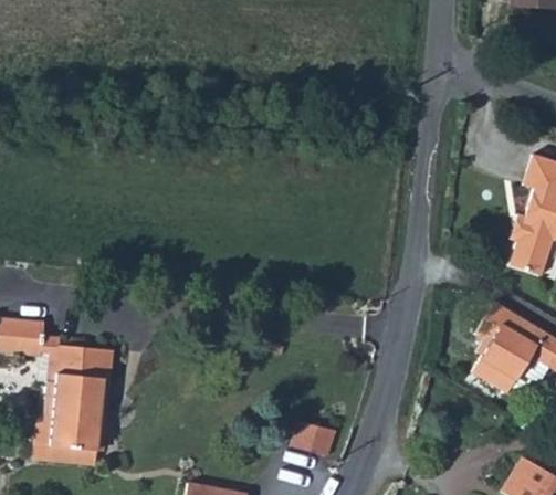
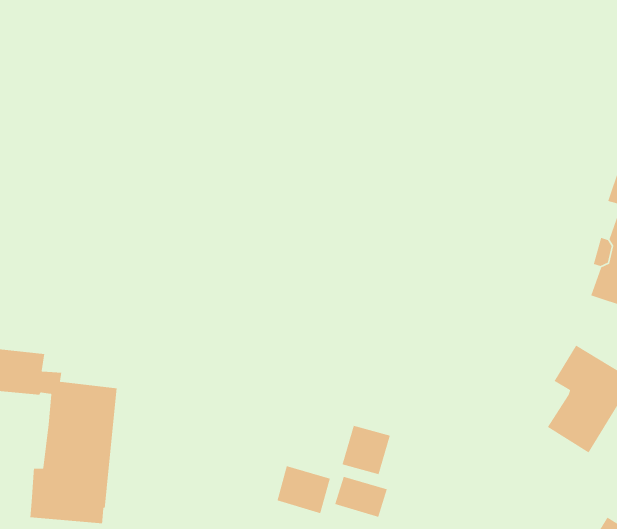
building: none -> [341,425,391,475]
building: none -> [276,465,331,514]

